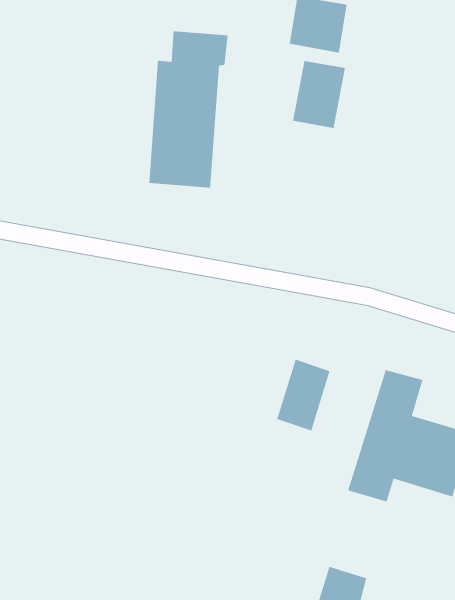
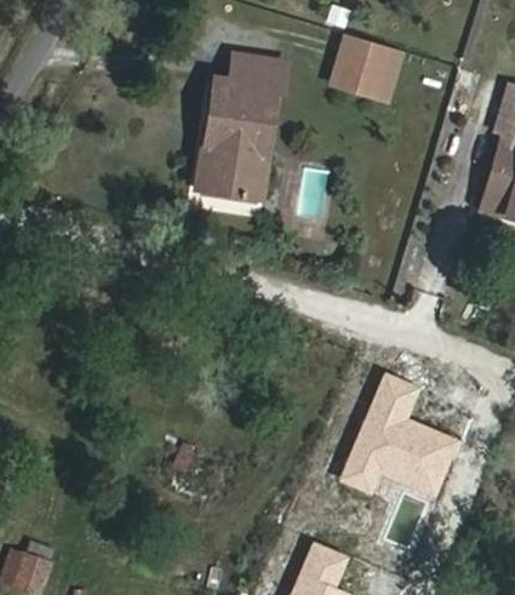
building: [292,60,346,129] -> none
building: [276,359,331,432] -> none

